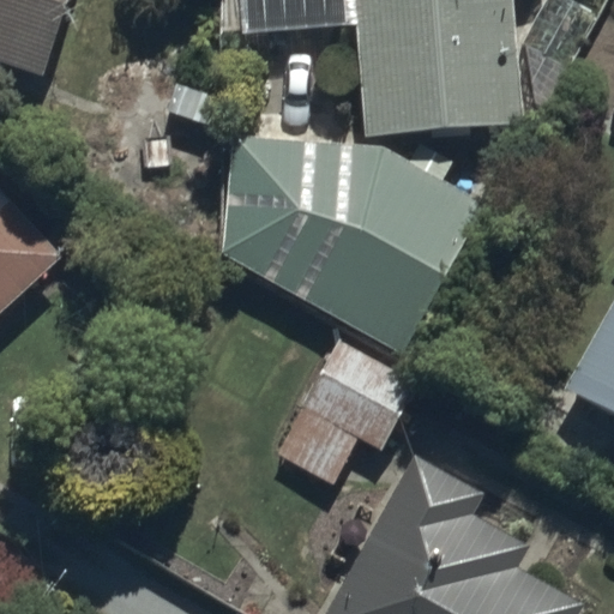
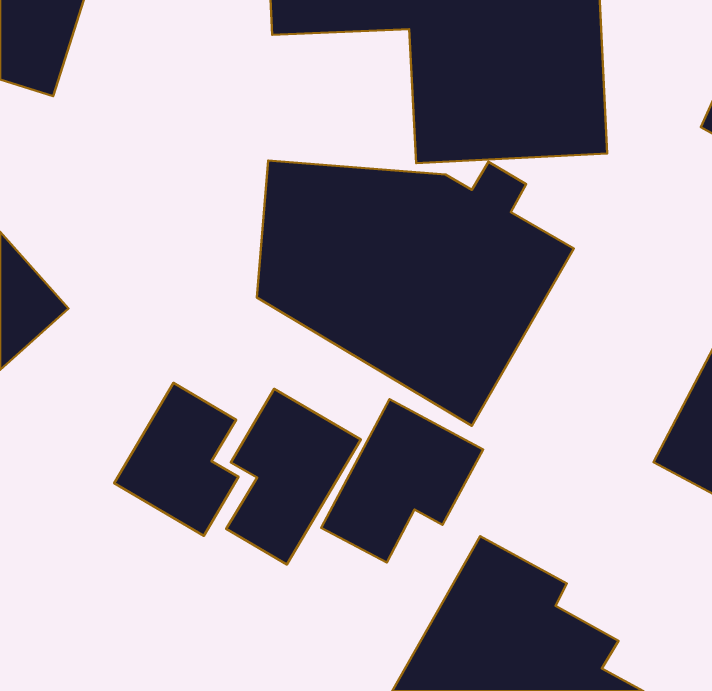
building: none -> [114,383,238,536]
building: none -> [226,389,361,564]

